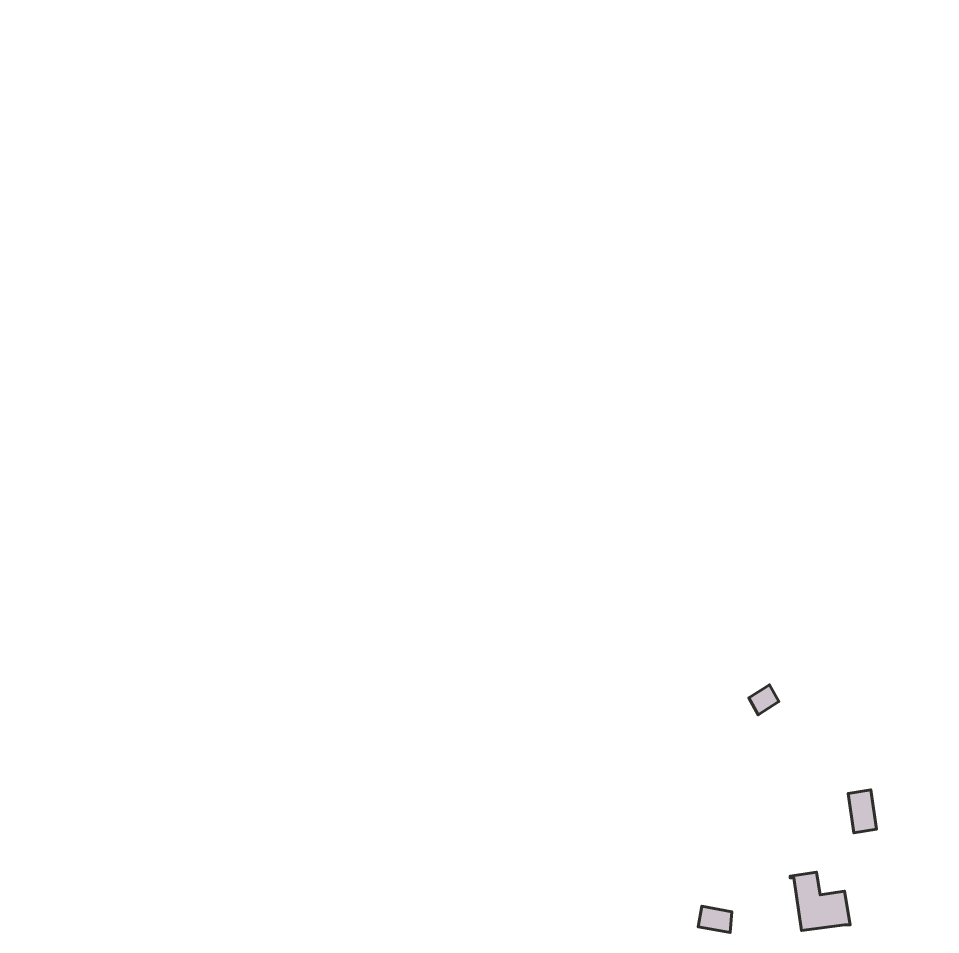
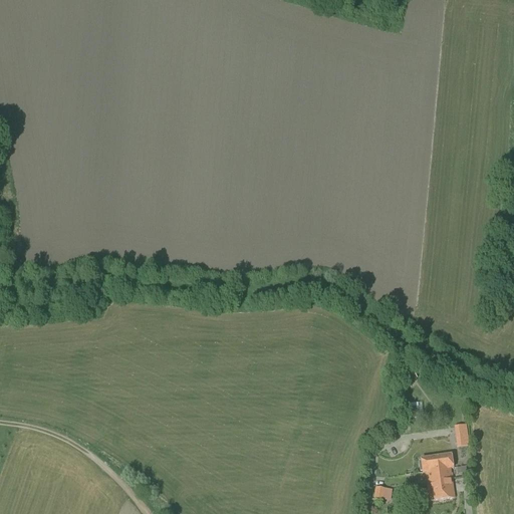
building: none -> [419,453,453,479]

